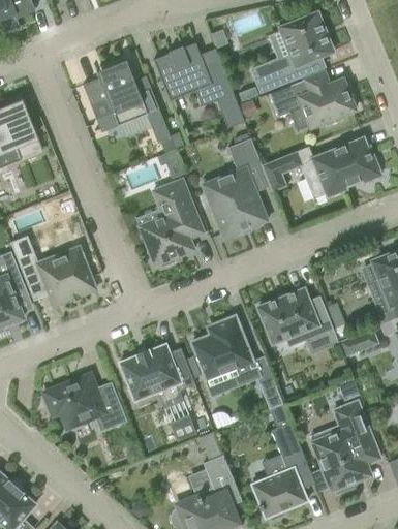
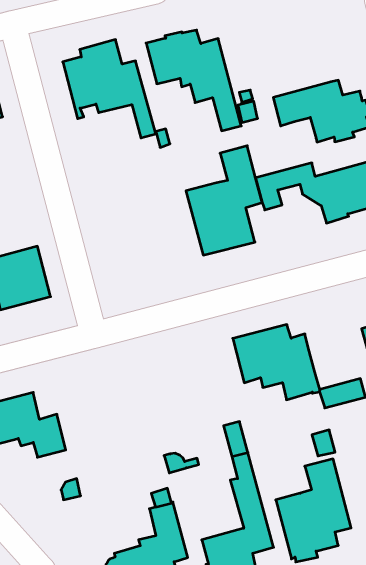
building: [252,14,332,92] -> none
building: [140,179,204,267] -> none
building: [192,316,258,383] -> none
building: [120,344,195,401] -> none

